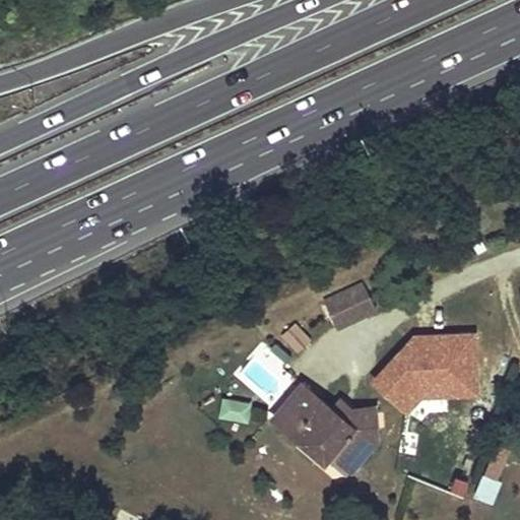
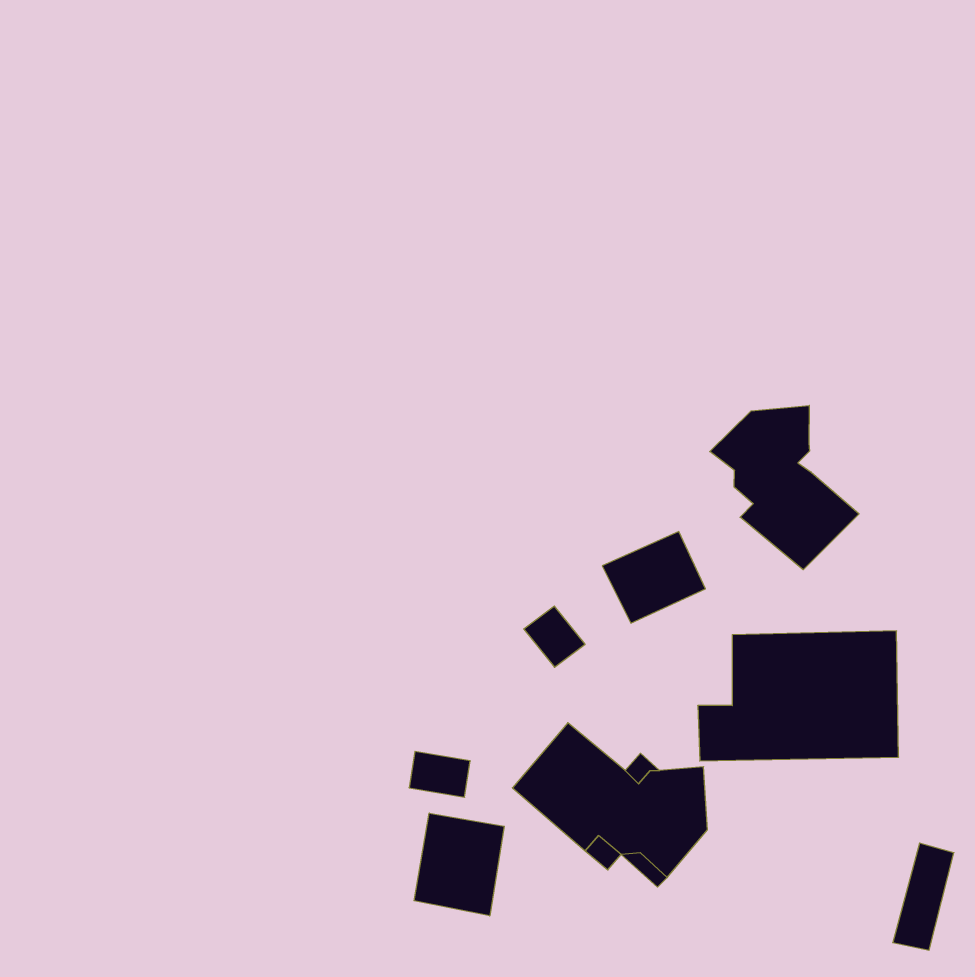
building: none -> [710,405,859,570]
building: none -> [414,813,504,916]

